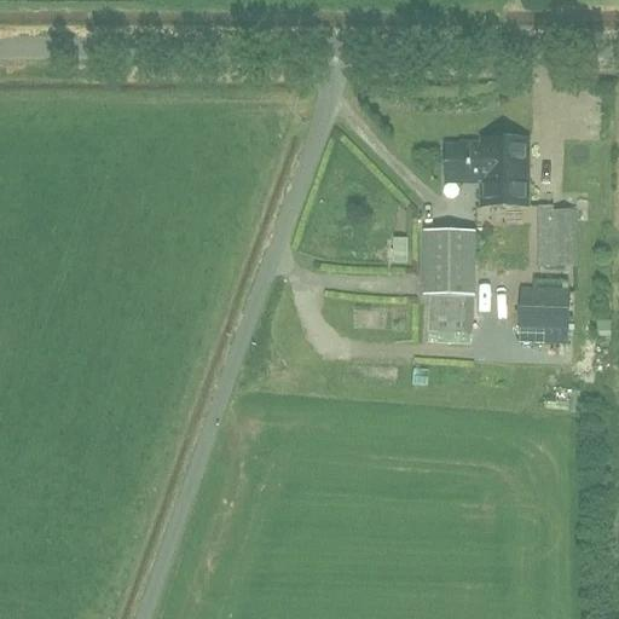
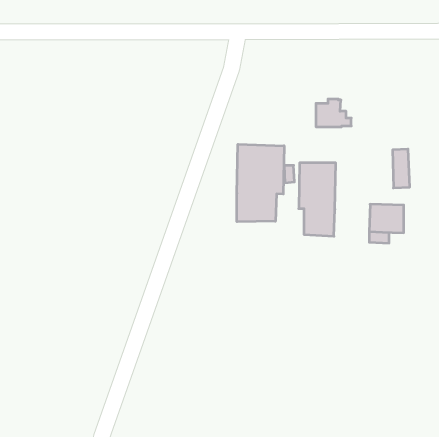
building: [478,135,527,204] -> none
building: none -> [237,144,284,222]

